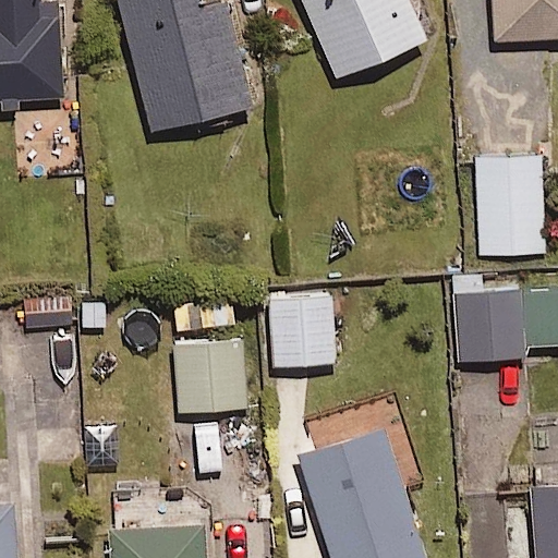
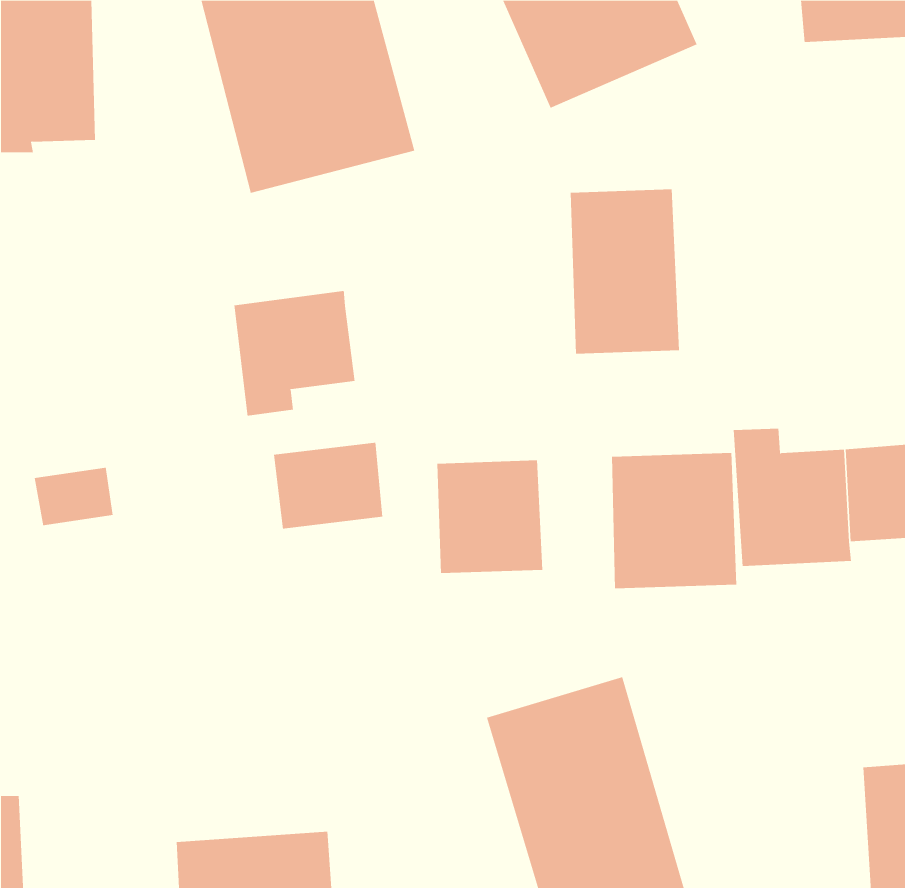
building: [476,156,544,257] -> [570,189,680,354]
building: none -> [234,290,355,417]
building: none -> [612,452,737,589]
building: [172,338,246,410] -> none

